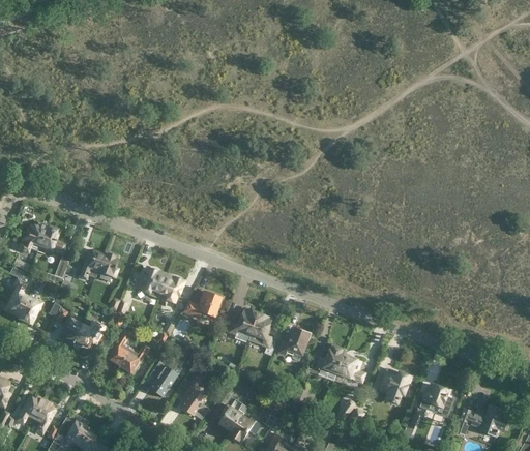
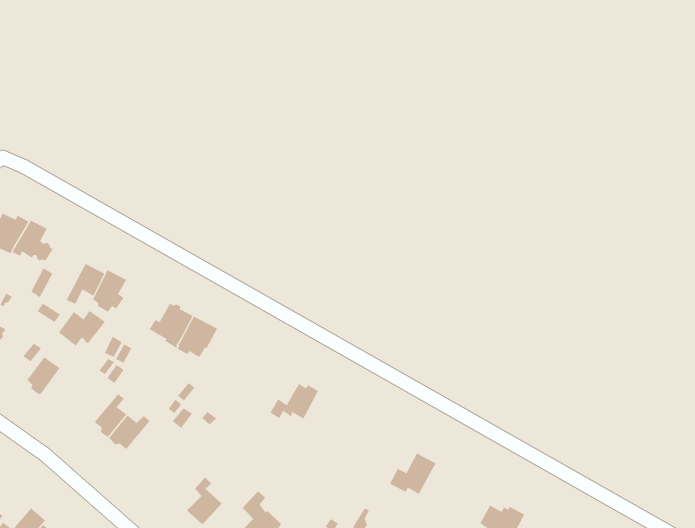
building: [182,291,222,318] -> none
building: [247,312,276,355] -> none
building: [70,321,104,347] -> [54,310,106,347]
building: [278,329,308,361] -> none
building: [333,355,364,383] -> none
building: [149,361,177,396] -> none

